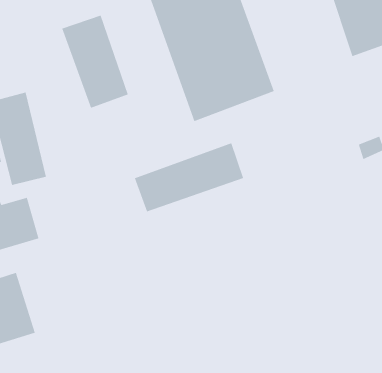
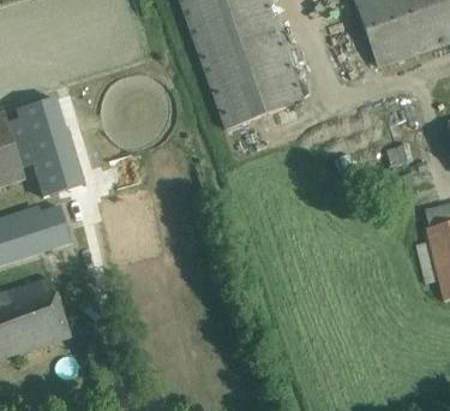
building: [61,14,129,109] -> none
building: [134,142,244,213] -> none

